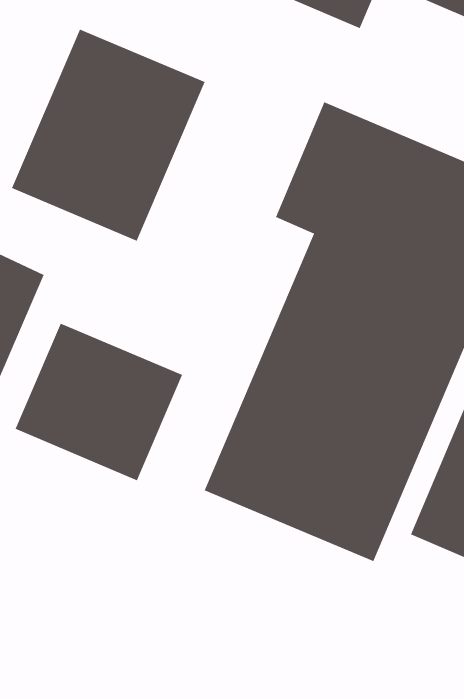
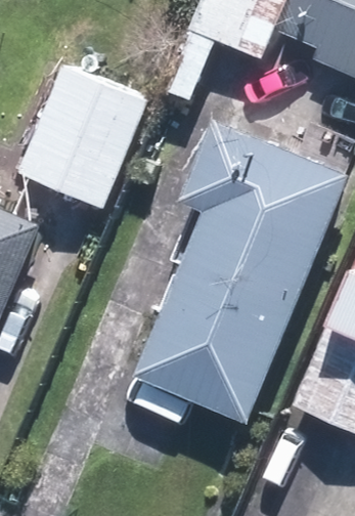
building: [15,323,183,481] -> none

